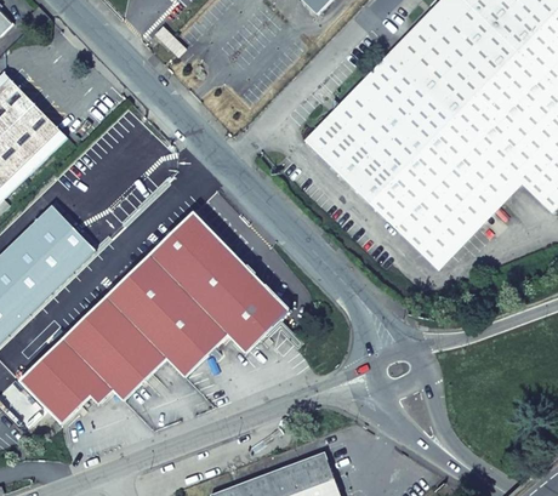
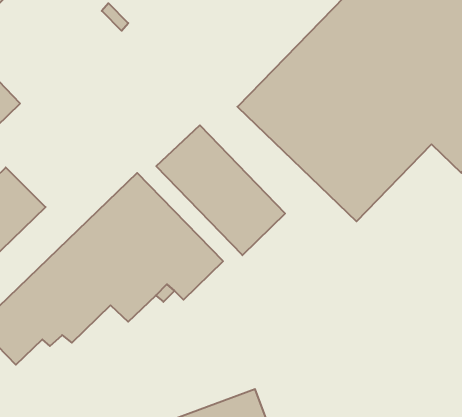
building: none -> [156,125,285,255]

